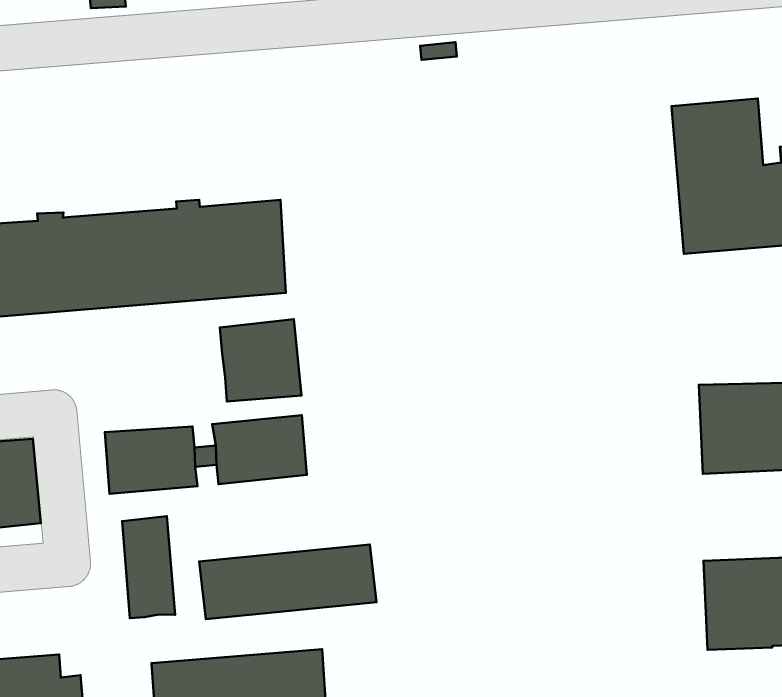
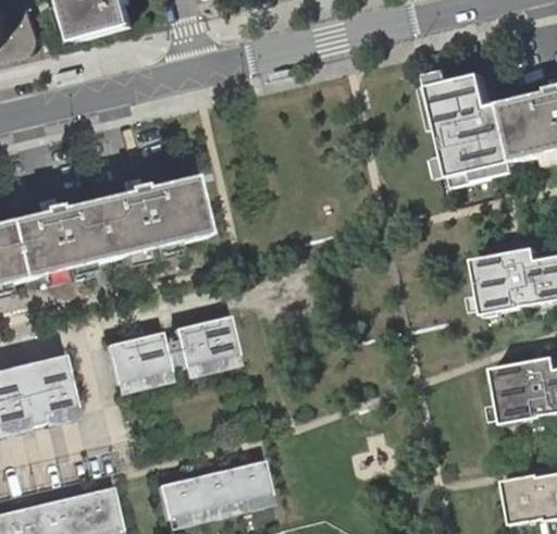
building: [220,319,301,402] -> none
building: [122,516,175,618] -> none
building: [199,544,377,619] -> none

